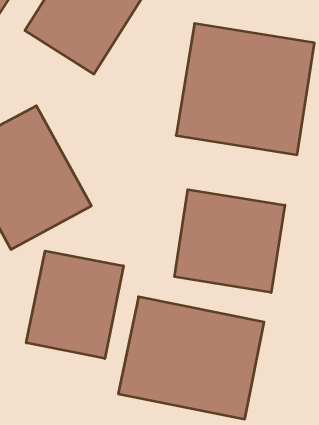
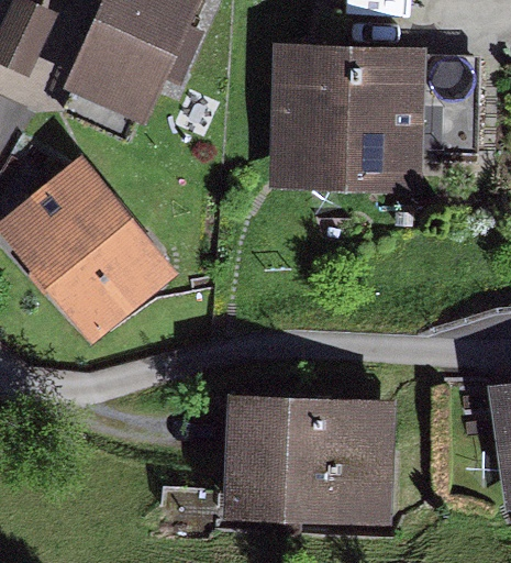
building: [175,190,285,293] -> none
building: [26,251,123,359] -> none

